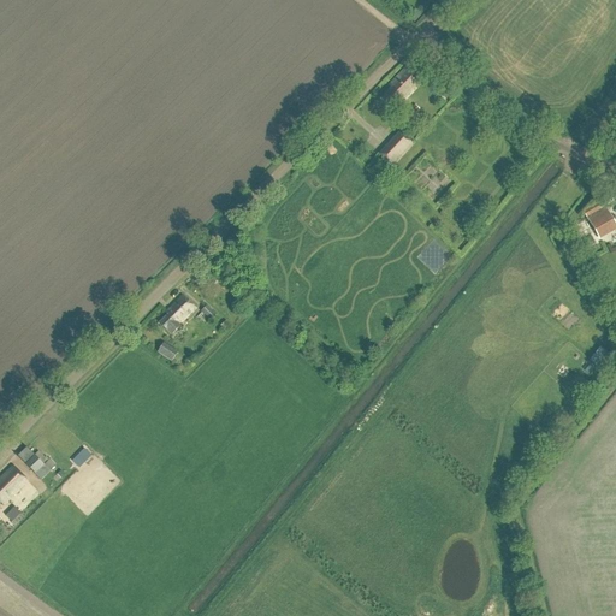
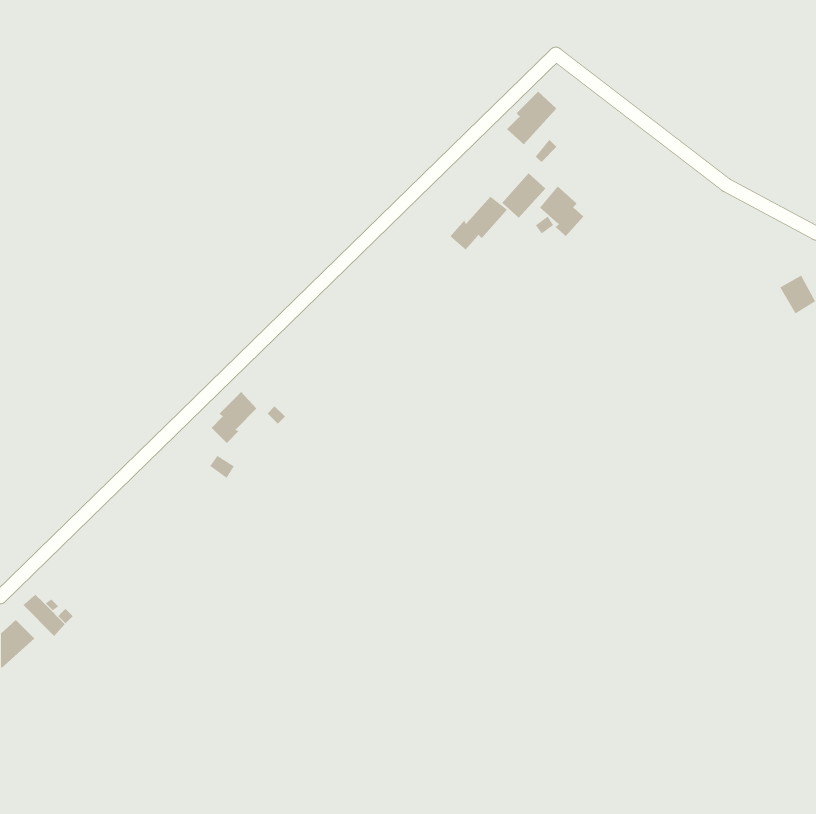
building: none -> [539,186,584,237]
building: none -> [450,196,508,251]

